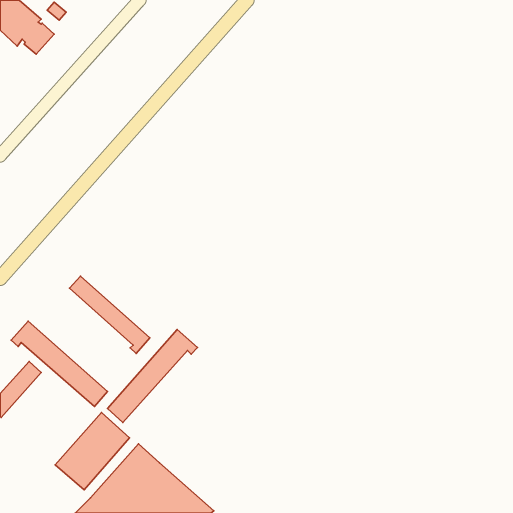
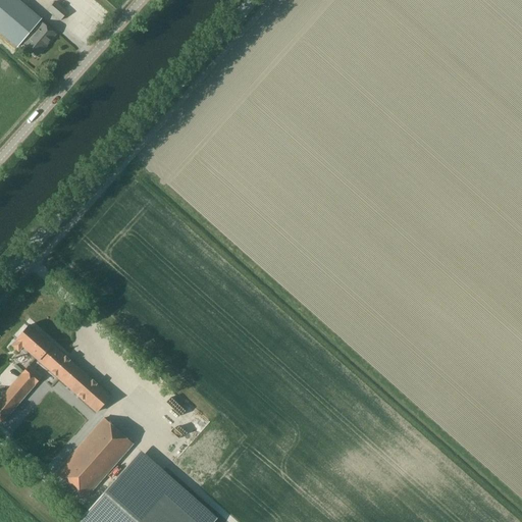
building: [70,276,150,353] -> none
building: [107,330,197,423] -> none

